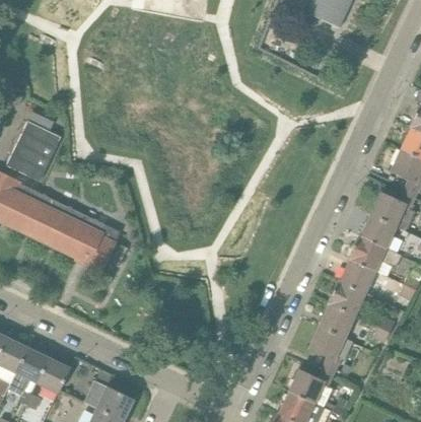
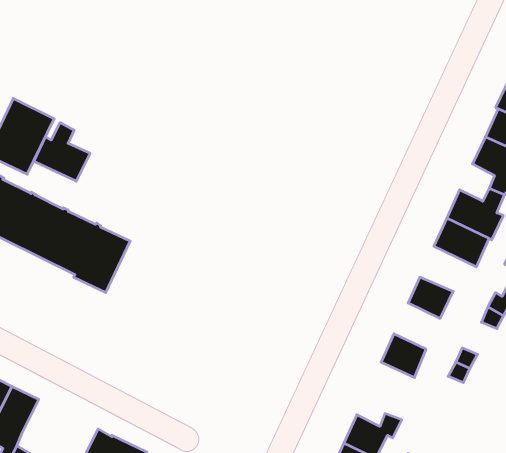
building: none -> [34,123,90,181]
building: [347,235,402,276] -> none
building: [327,280,365,318] -> none
building: [307,328,345,373] -> none
building: [36,357,71,395] -> none

